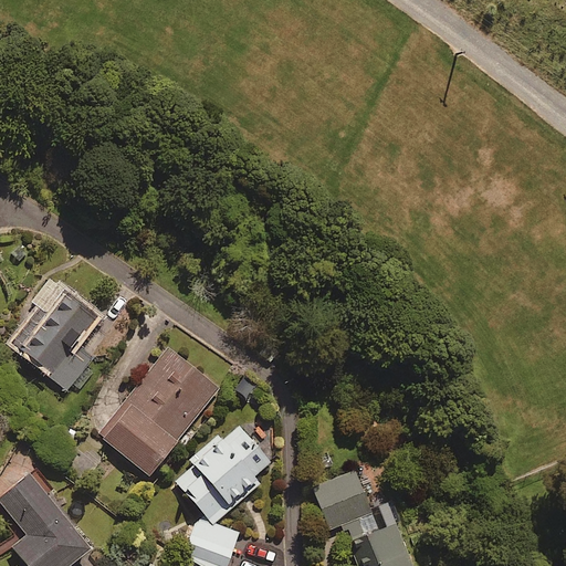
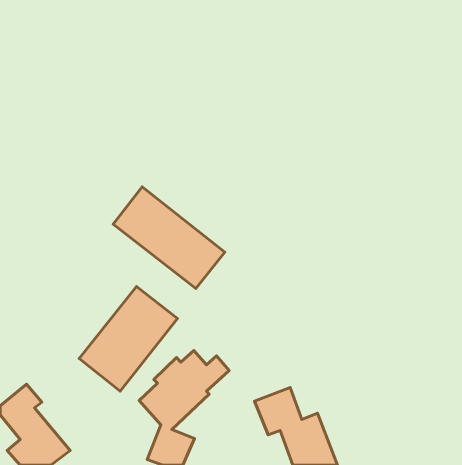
building: none -> [113,187,225,289]
building: [13,279,97,387] -> none

